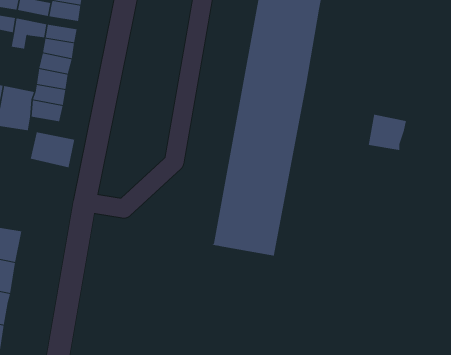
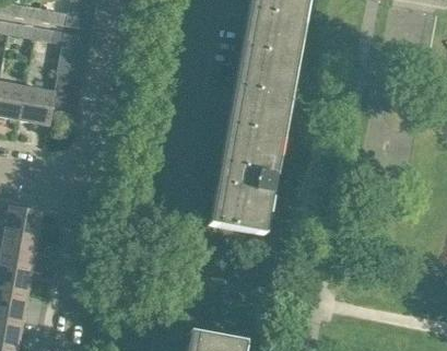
building: [368,114,406,151] -> none
building: [30,131,75,168] -> none

